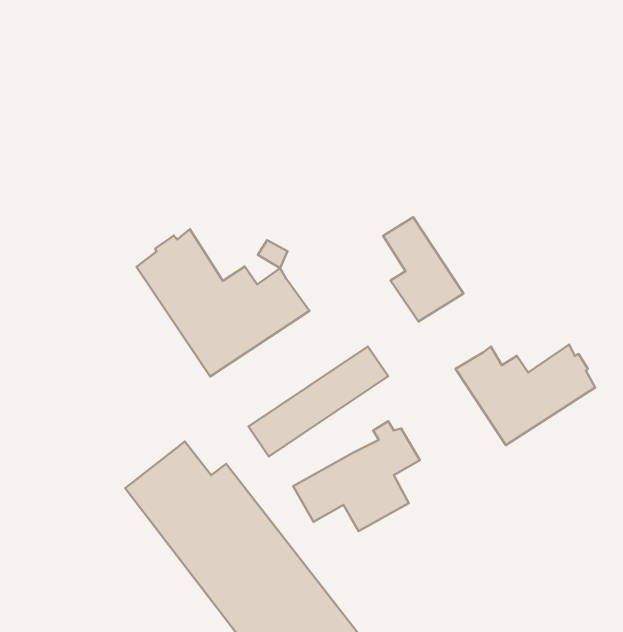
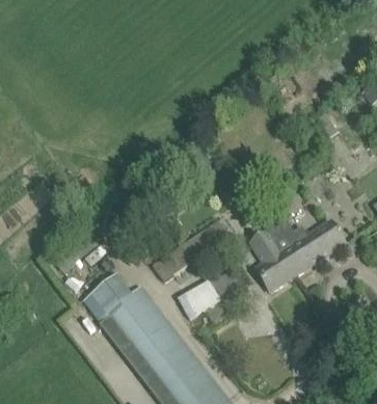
building: [383,217,463,322] -> [249,232,294,290]
building: [137,229,309,376] -> none

